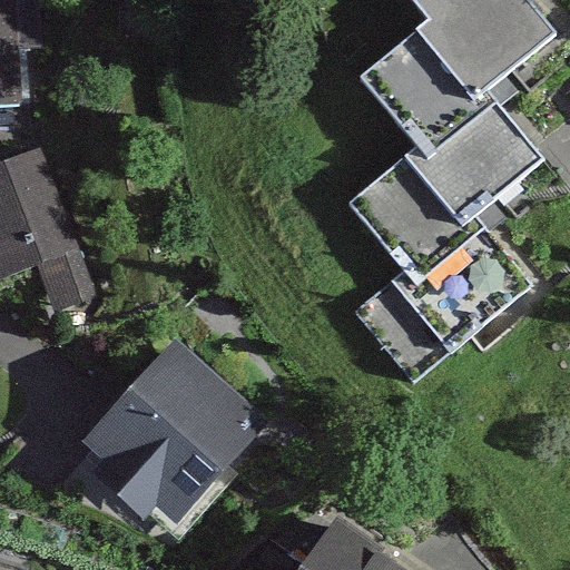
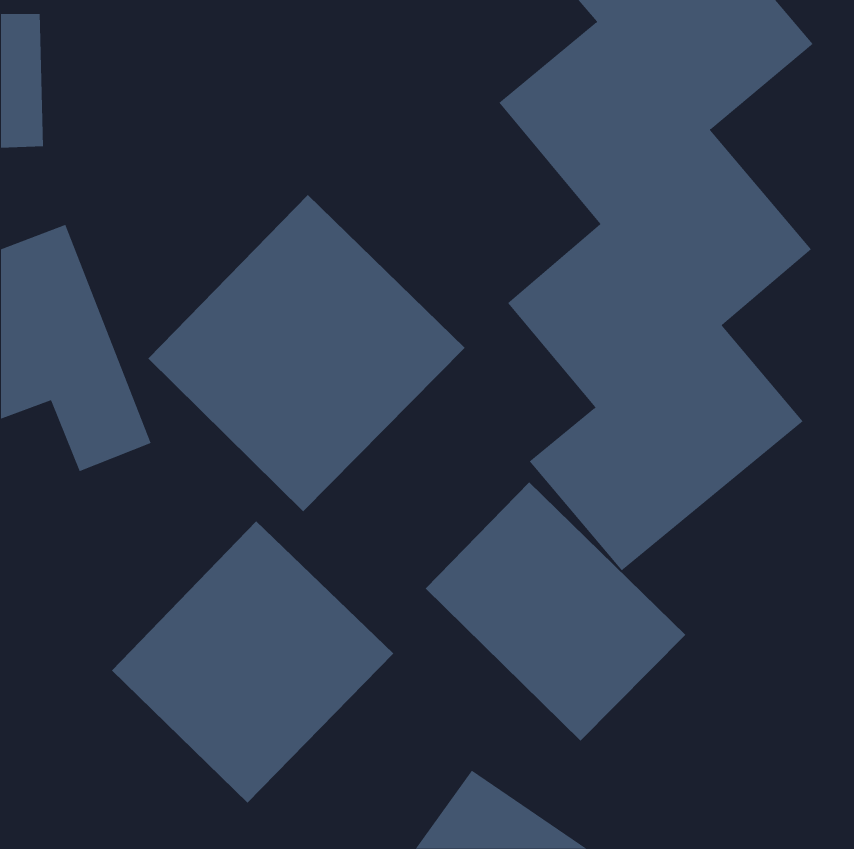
building: none -> [147,194,465,512]
building: none -> [425,482,686,741]

